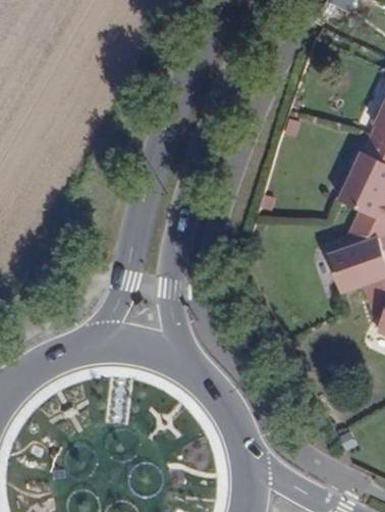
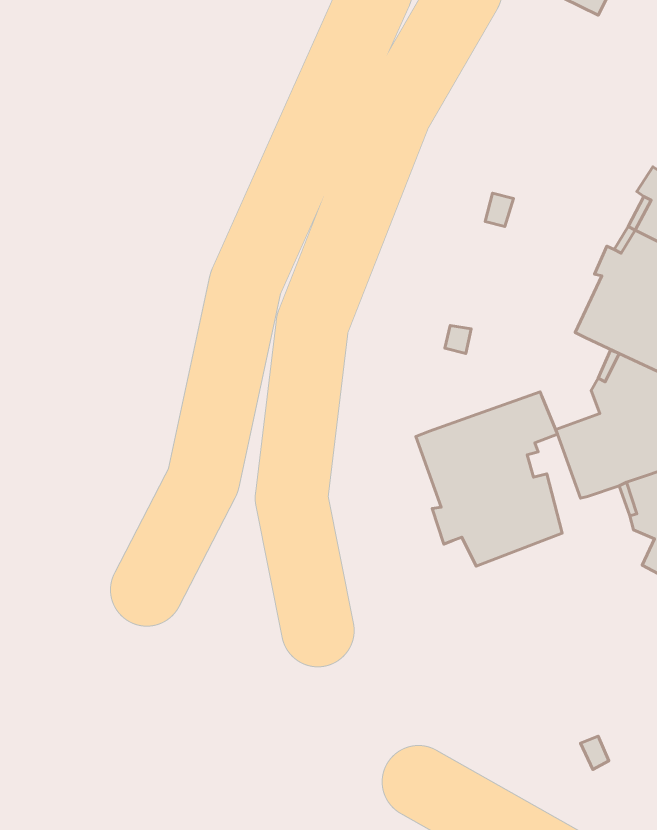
building: none -> [416,392,562,566]

